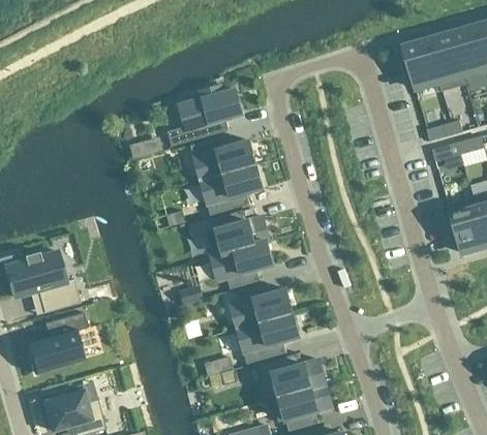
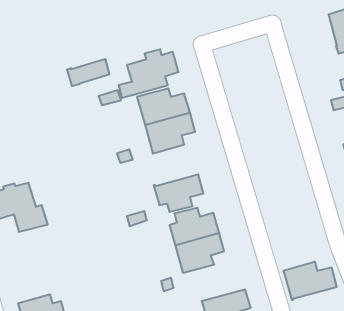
building: [401,38,438,88] -> none
building: none -> [67,59,109,86]
building: [207,210,269,255] -> none
building: [27,312,87,372] -> none
building: [258,352,325,400] -> [283,262,337,300]

